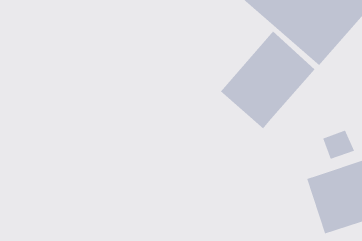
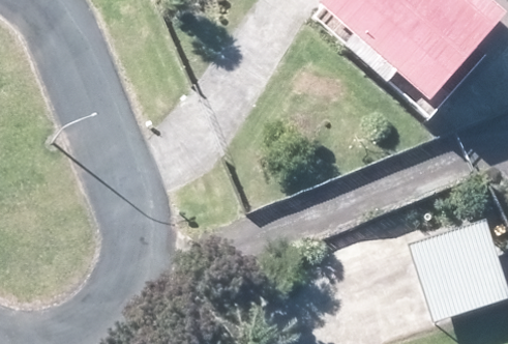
building: [220,31,316,129] -> none

